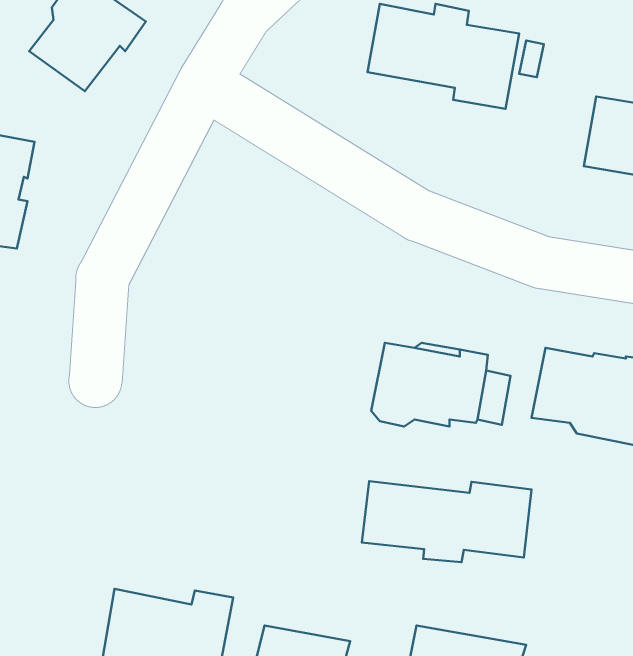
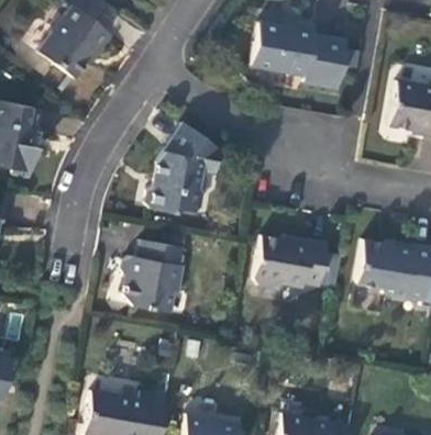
building: none -> [146,122,221,211]
building: none -> [123,238,185,311]
building: [362,481,532,562] -> none

